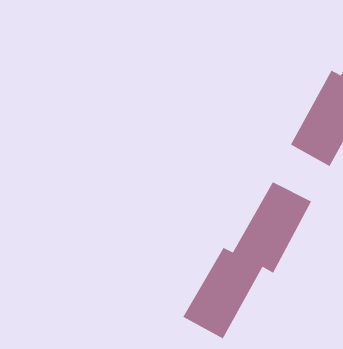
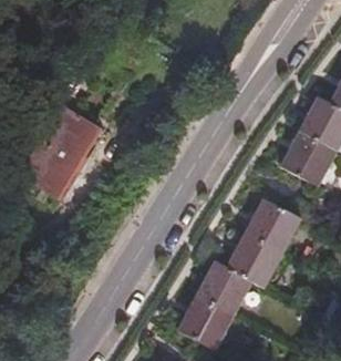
building: none -> [11,101,106,202]

